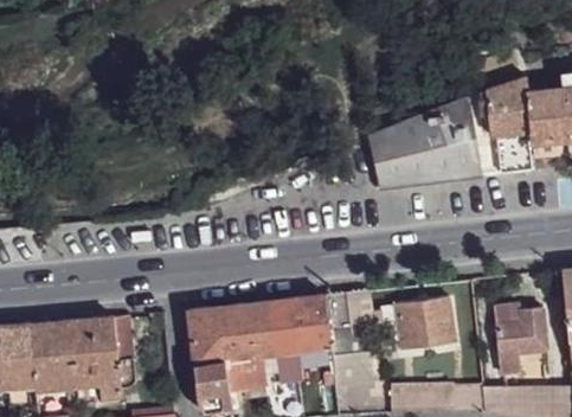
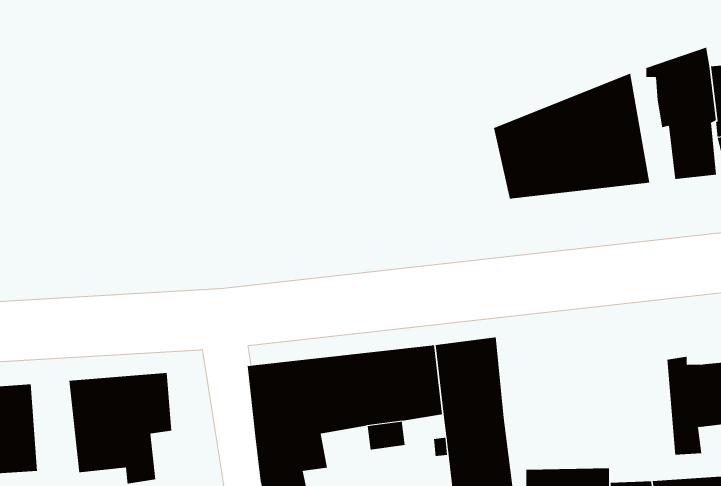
building: [380,297,455,348] -> none
building: [30,321,64,392] -> none

